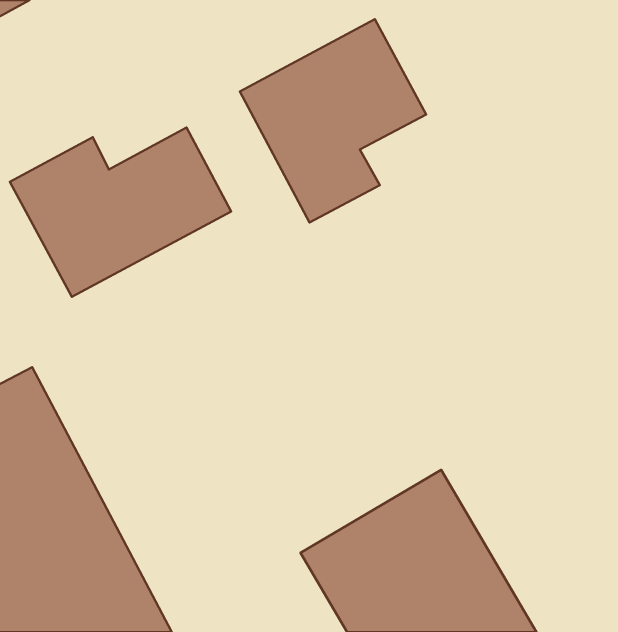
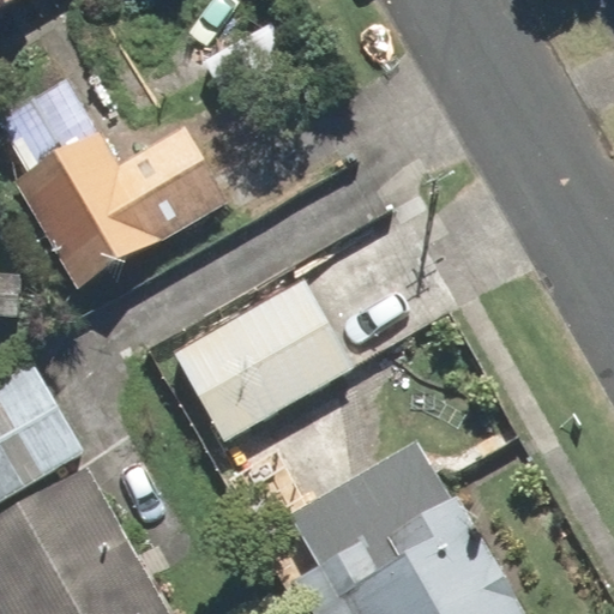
building: [240,19,426,223] -> none
building: none -> [165,197,456,444]

